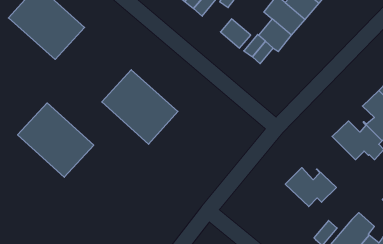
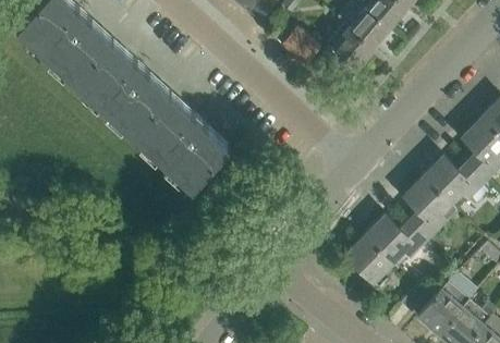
building: [18,103,94,177] -> [74,38,170,132]
building: none -> [403,175,452,252]
building: none -> [345,235,393,286]

